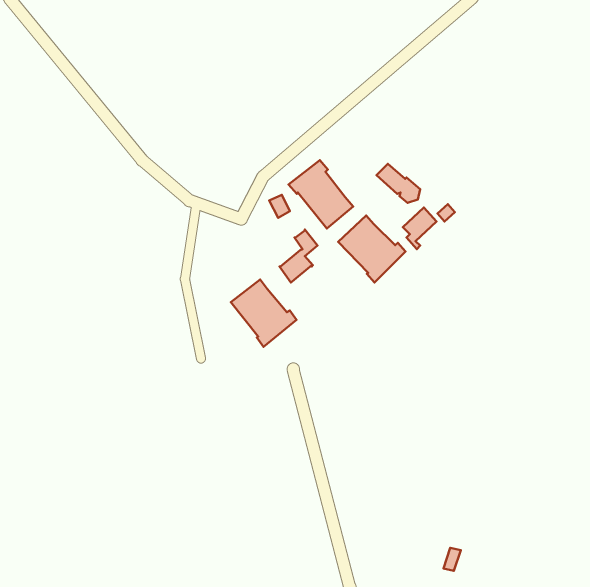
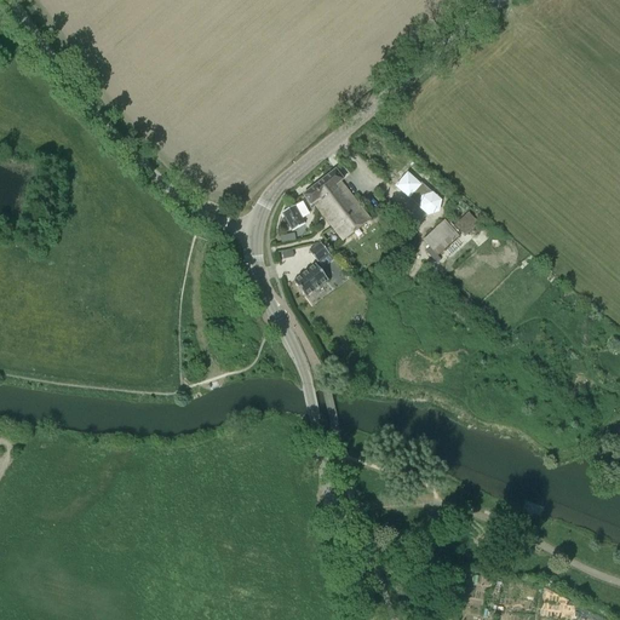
building: [338,216,406,282] -> none
building: [231,280,297,347] -> none

